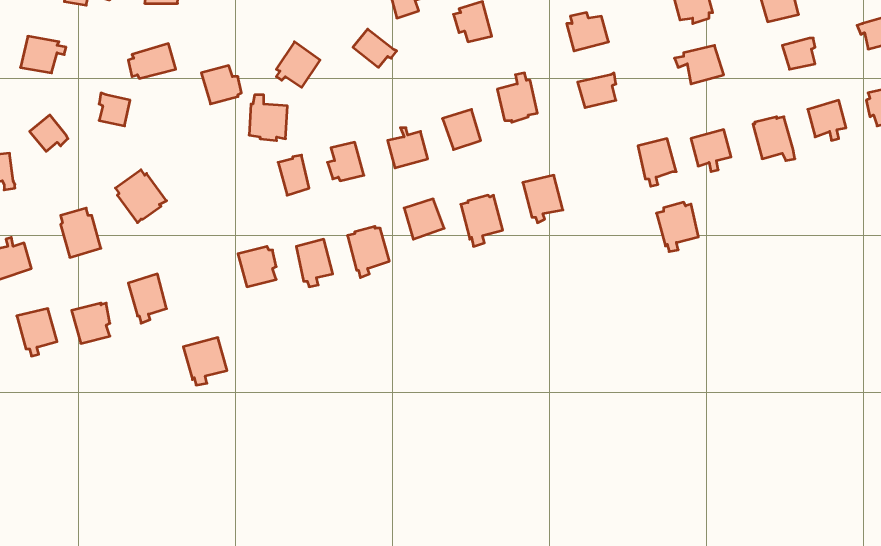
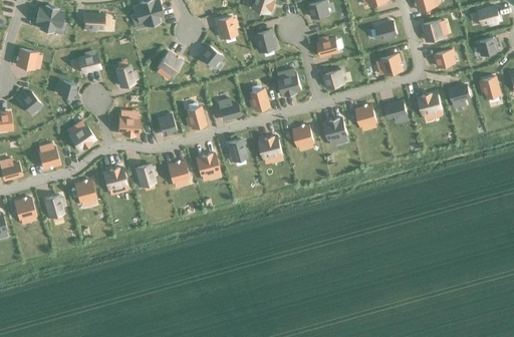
building: [249,95,287,141] -> [118,110,140,135]
building: [656,202,698,252] -> [323,117,346,144]
building: [183,338,227,385] -> [103,167,127,194]

